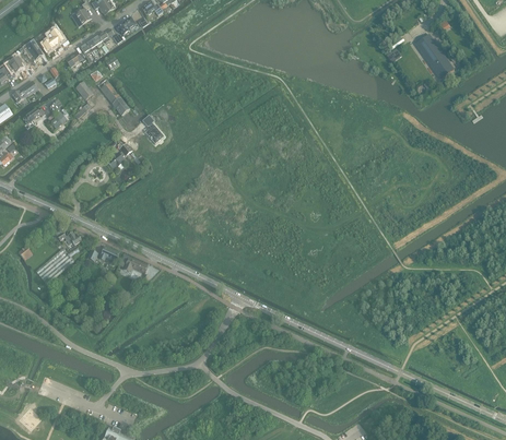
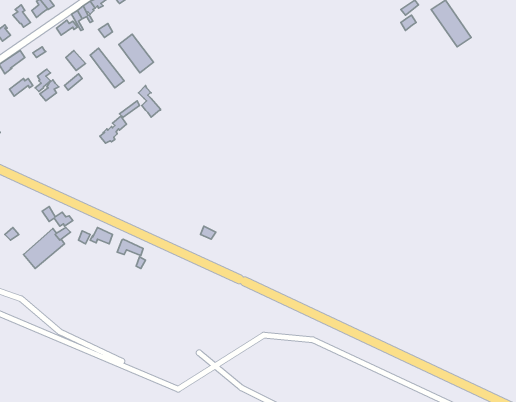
building: none -> [119,34,153,73]

